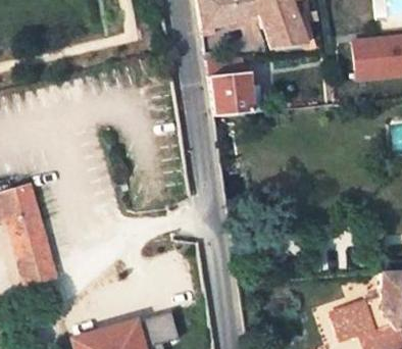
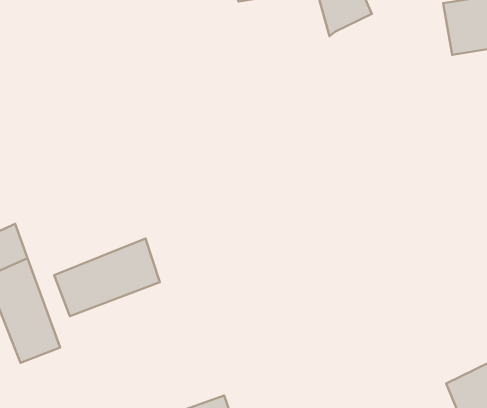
building: [210,71,258,115] -> none
building: none -> [54,238,160,316]

